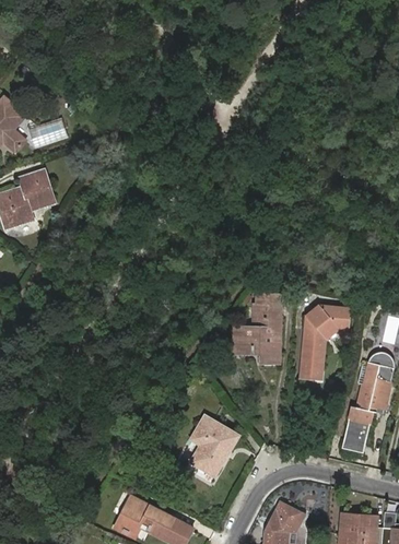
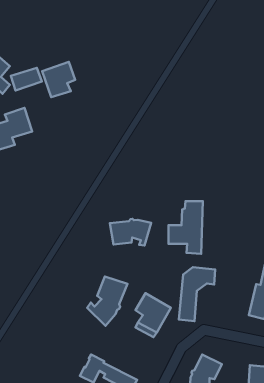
building: none -> [42,62,75,97]
building: [300,306,348,378] -> [179,267,215,321]
building: none -> [110,219,151,246]
building: none -> [87,277,127,326]

